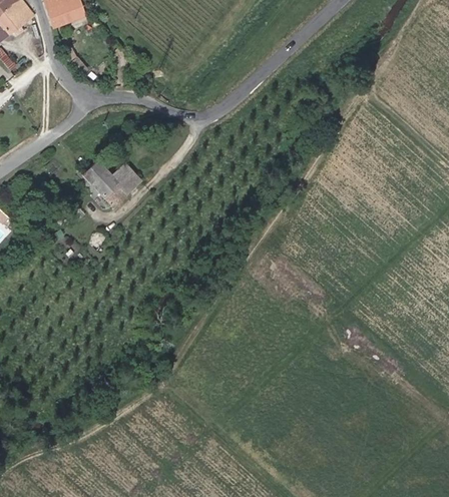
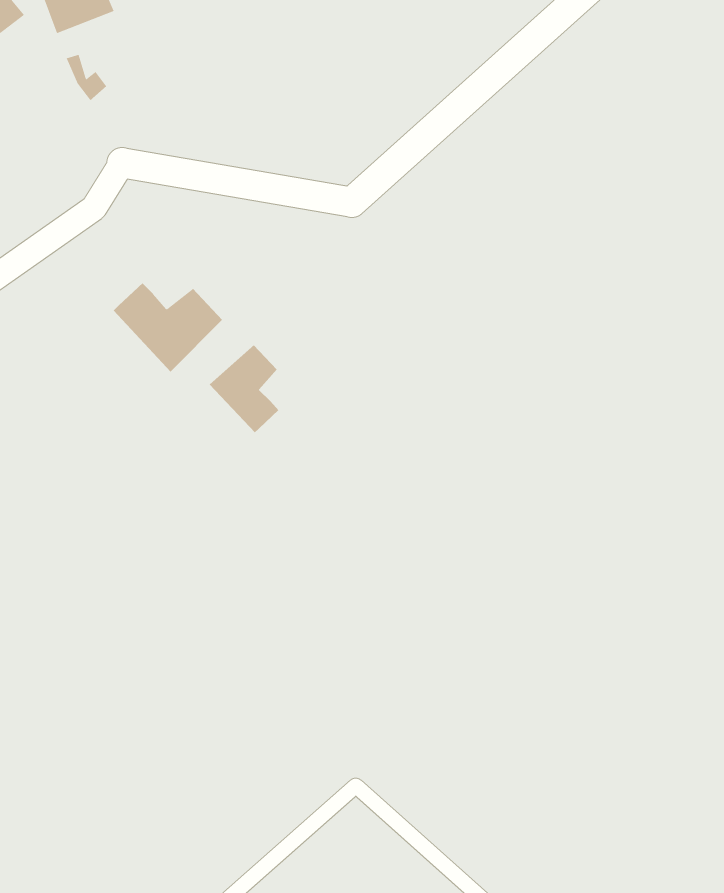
building: none -> [209,344,279,433]

